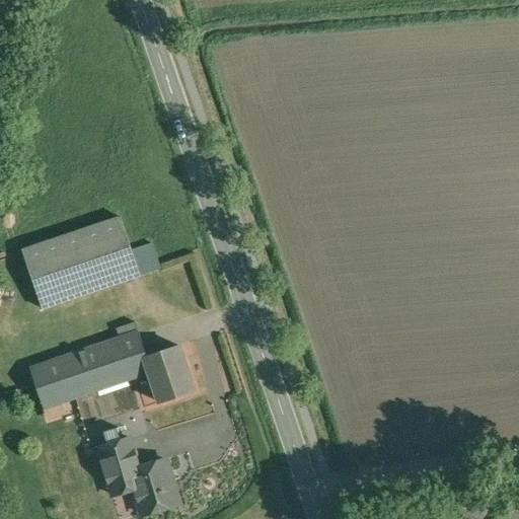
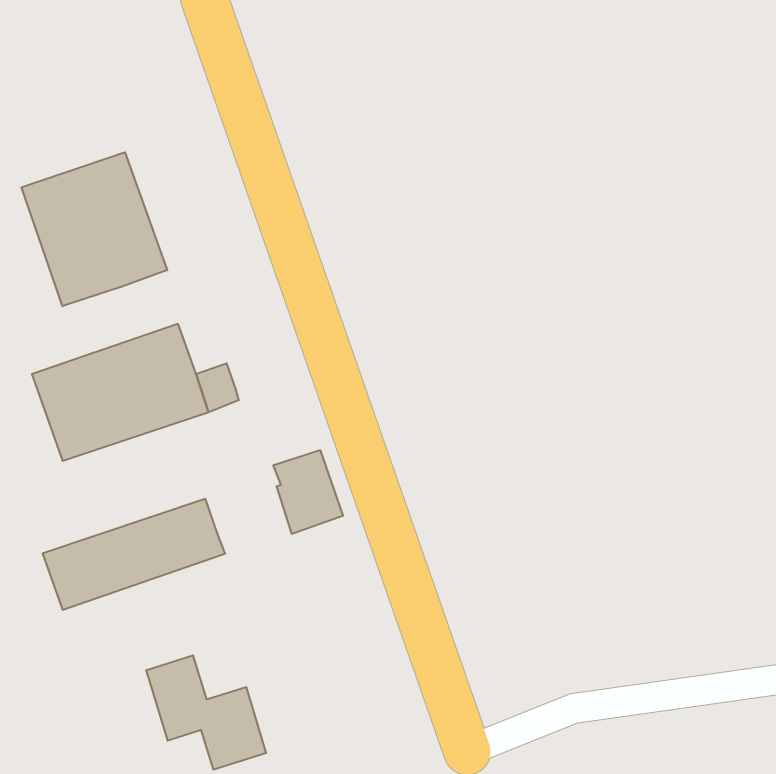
building: none -> [21,152,167,306]
building: [145,346,192,401] -> [273,450,343,534]

